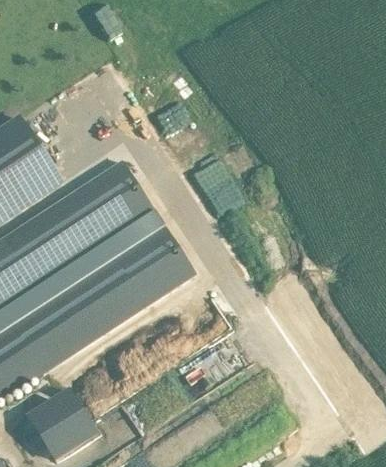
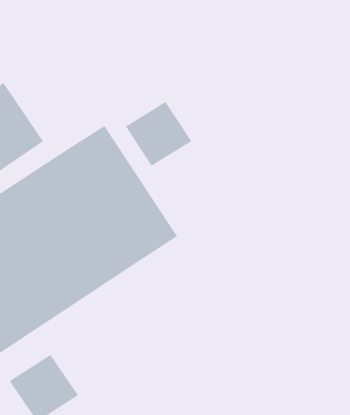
building: none -> [125,101,192,166]

